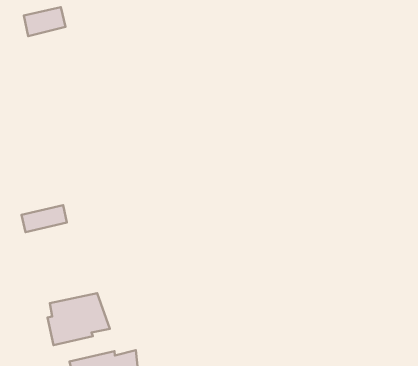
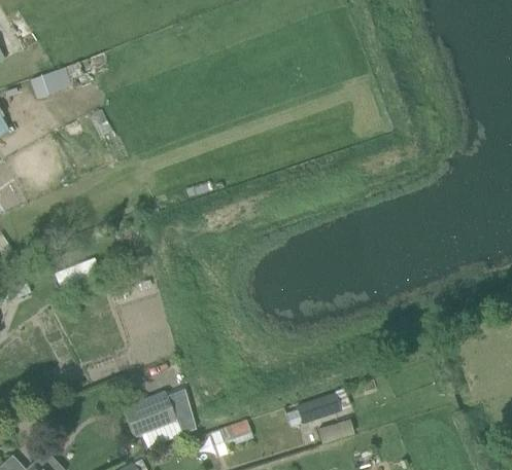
building: [47,293,110,345] -> none

